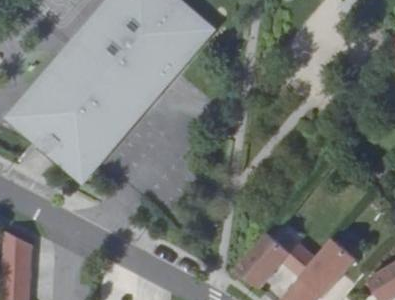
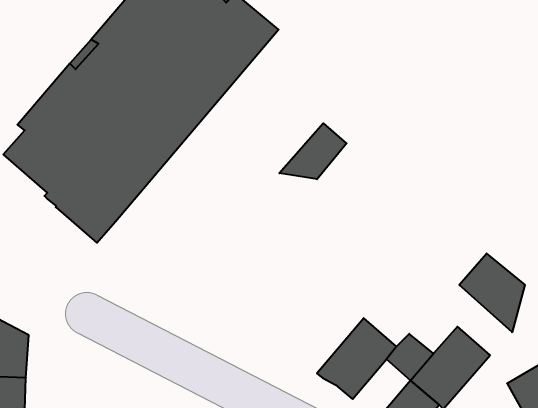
building: none -> [279,123,347,179]
building: none -> [459,253,525,332]

